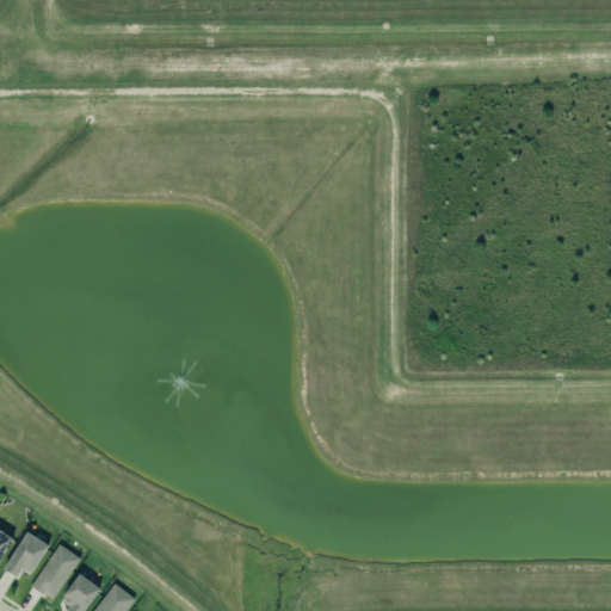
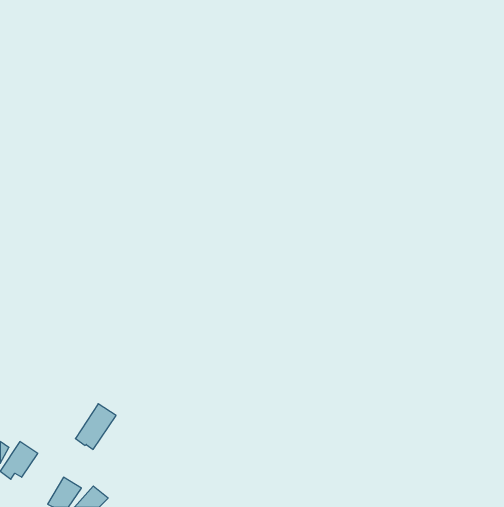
building: [31,543,80,598] -> [75,404,116,449]

